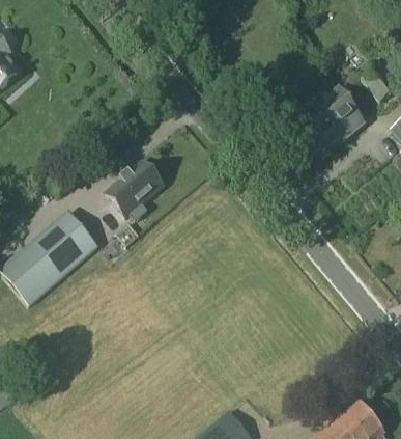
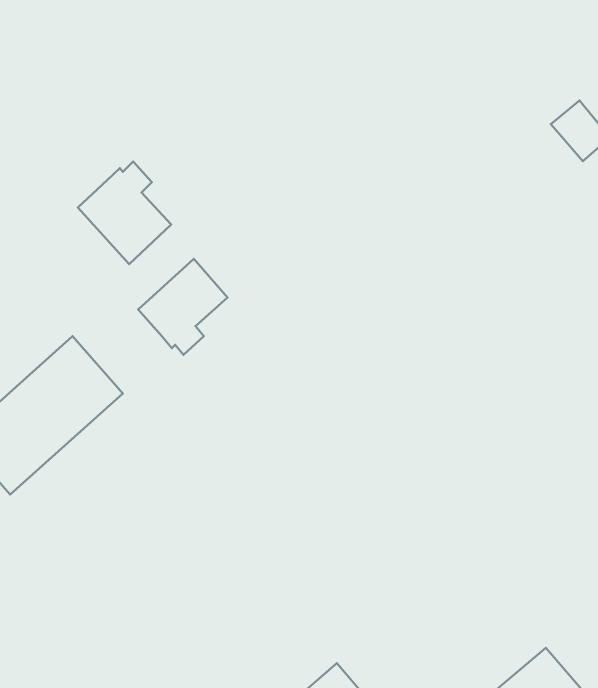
building: [307,87,365,148] -> none
building: none -> [78,162,171,264]

